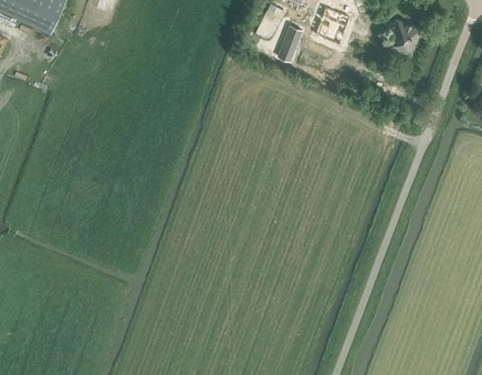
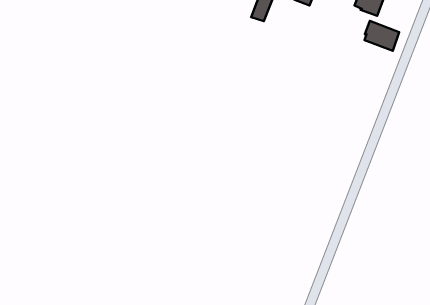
building: none -> [365,21,399,51]

